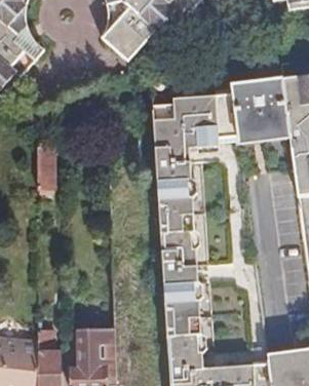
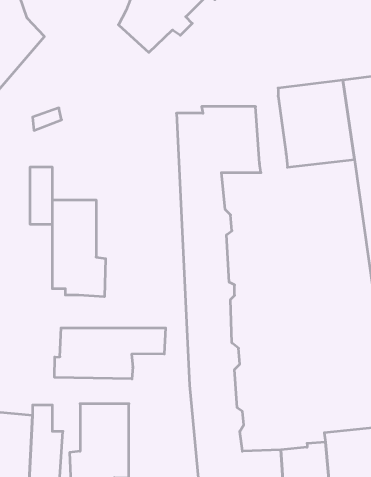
building: [214,88,237,141] -> none
building: none -> [52,200,106,297]
building: none -> [55,328,166,379]

